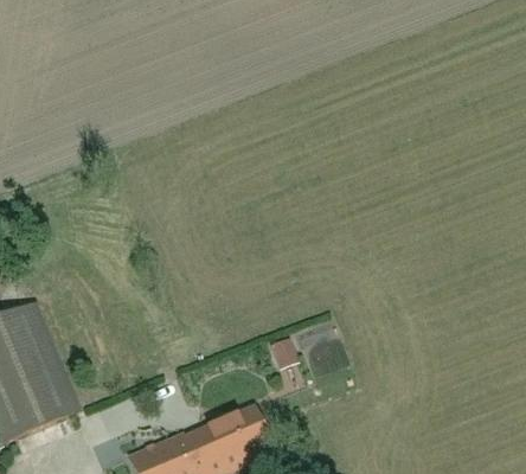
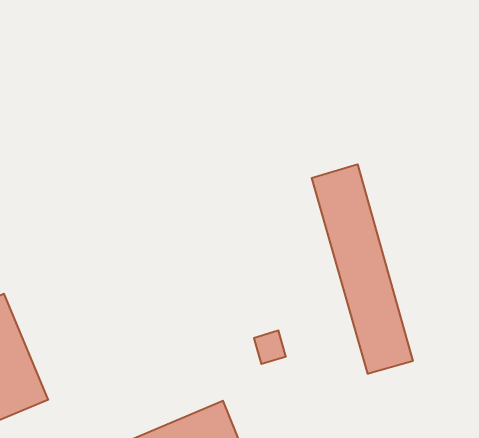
building: none -> [312,164,413,374]

